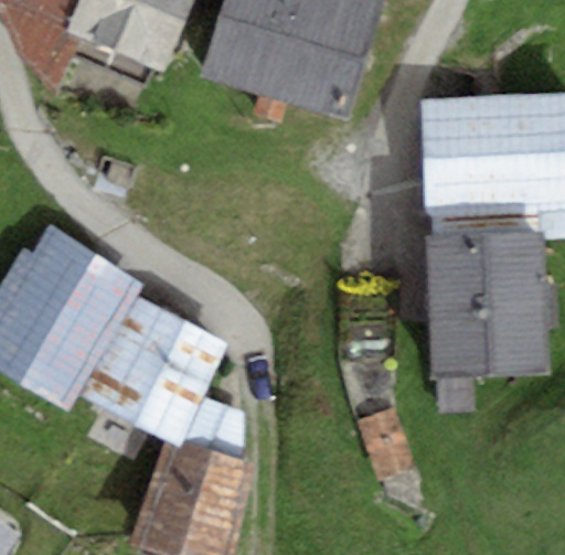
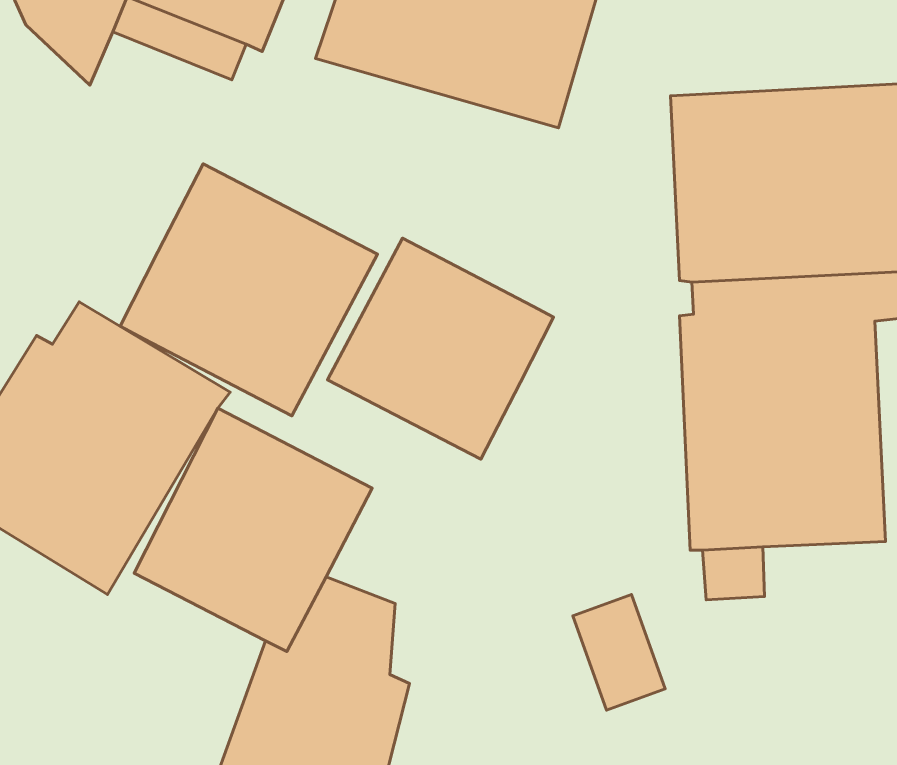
building: none -> [120,164,378,416]
building: none -> [327,238,554,459]

